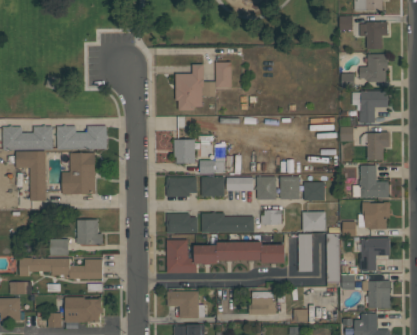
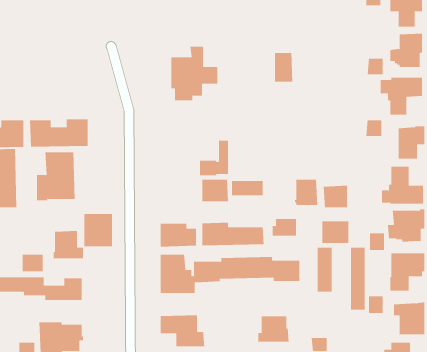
building: [216,63,232,88] -> [274,53,293,82]
building: [174,140,195,164] -> none
building: [256,177,276,200] -> none
building: [166,178,197,197] -> none
building: none -> [84,213,113,247]

